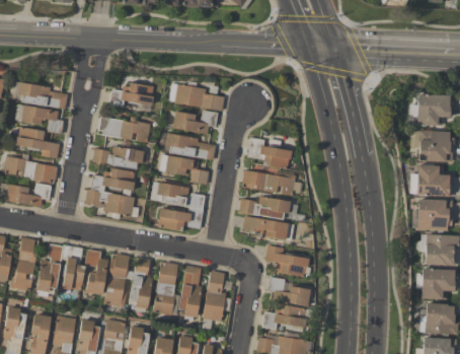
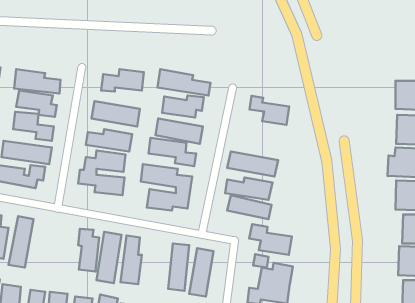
building: [249,138,291,168] -> [250,96,289,125]
building: [36,242,85,290] -> none
building: [154,261,177,312] -> none

